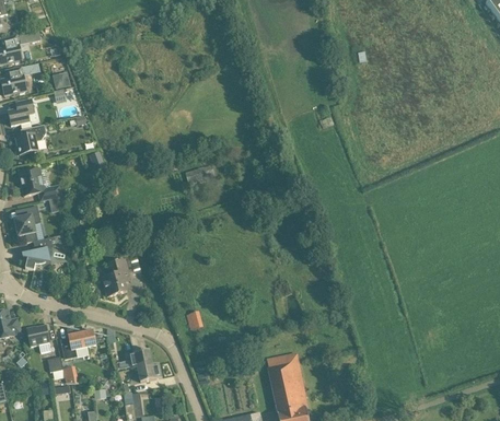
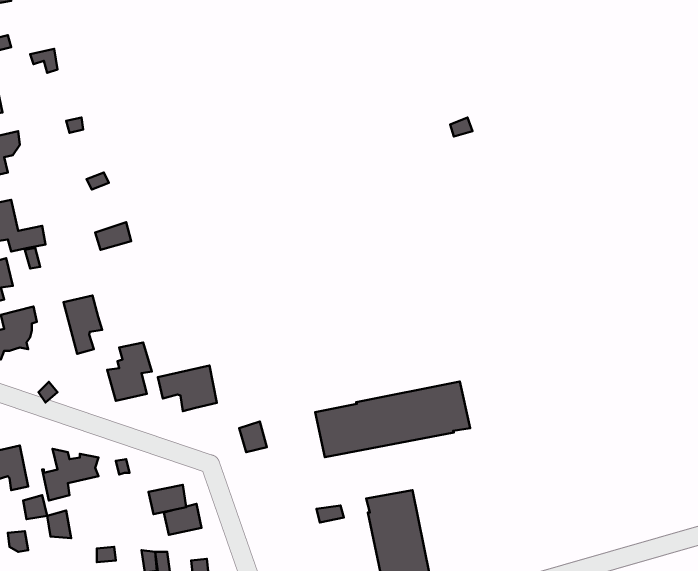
building: none -> [64,296,102,354]
building: none -> [158,366,217,411]
building: none -> [315,381,470,457]

